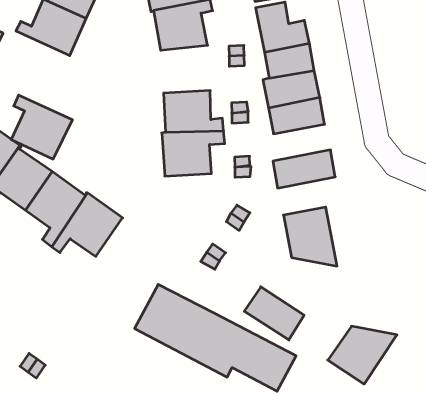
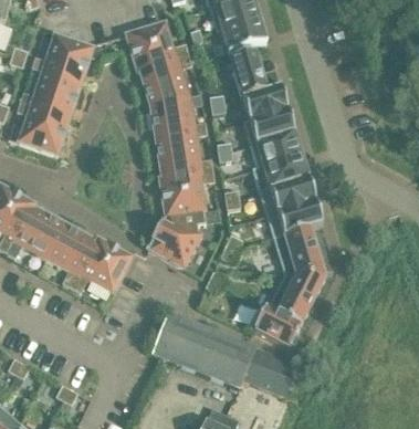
building: none -> [149,95,207,142]
building: [11,95,72,159] -> [17,101,70,154]
building: none -> [252,154,308,191]
building: none -> [147,209,206,268]
building: none -> [265,199,322,238]
building: [328,326,397,384] -> [266,274,325,324]

